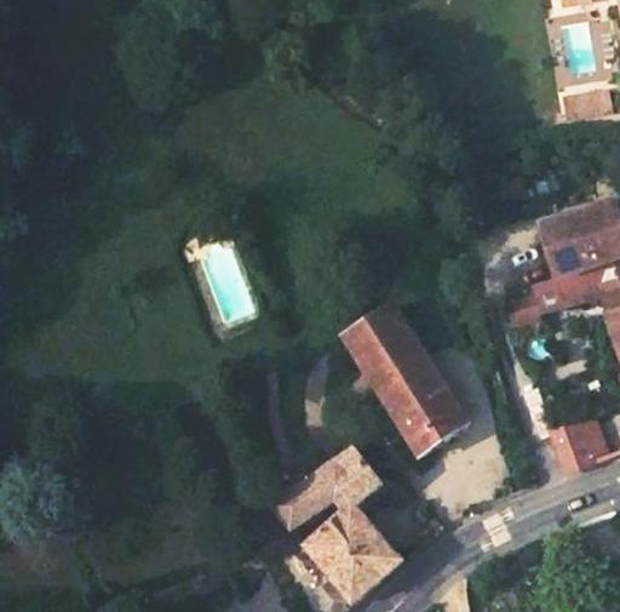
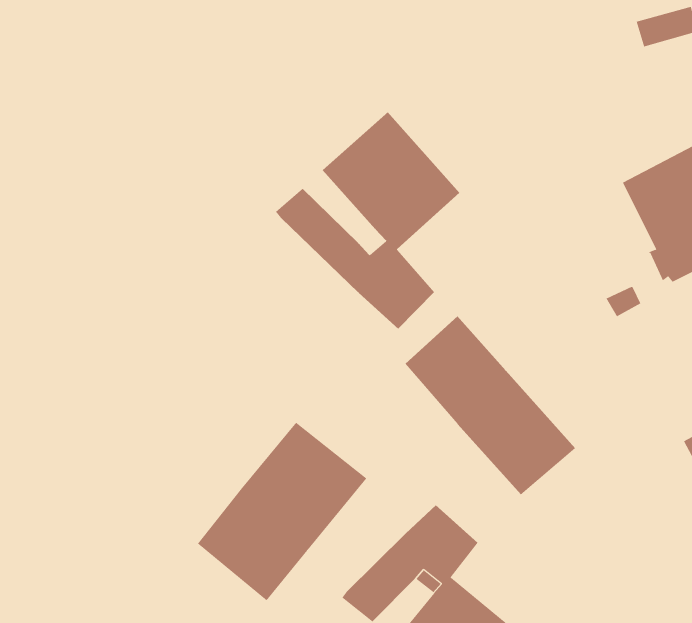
building: none -> [275,111,460,330]
building: none -> [197,422,367,601]

